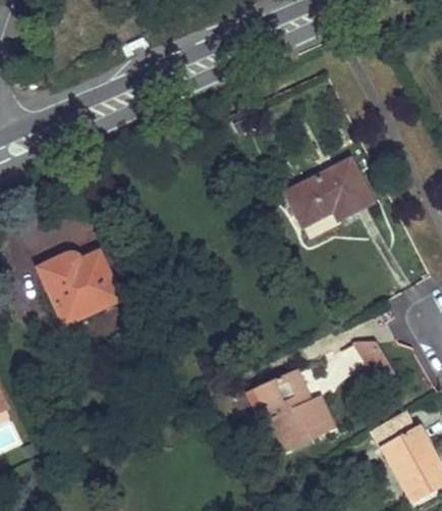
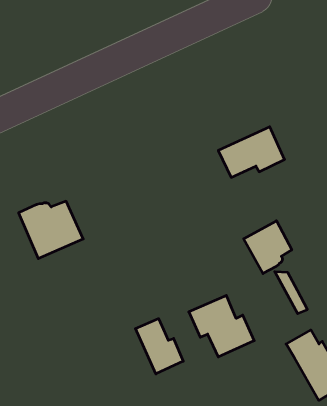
building: none -> [244,221,292,274]
building: none -> [135,319,183,374]

